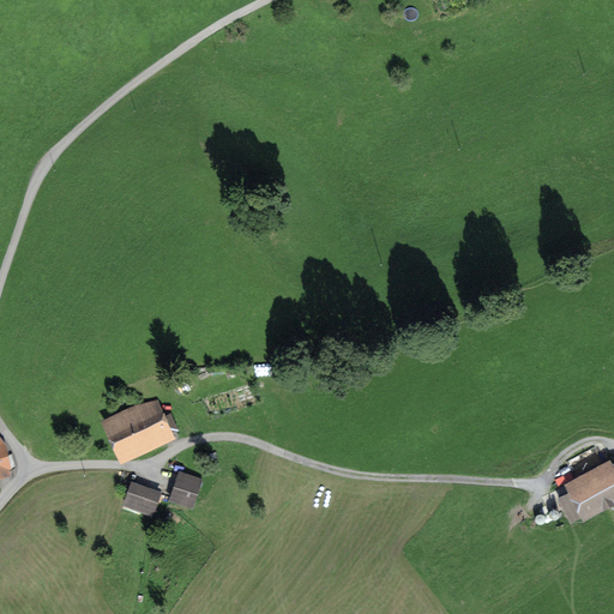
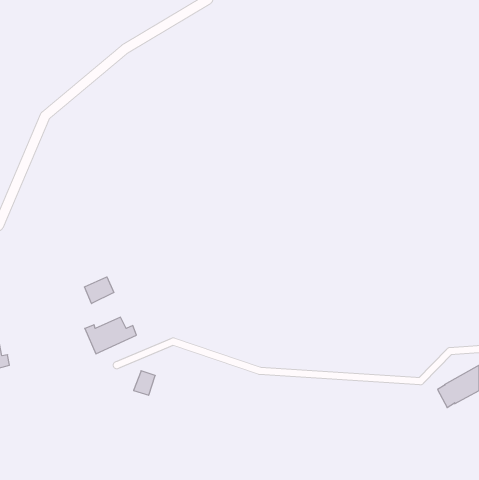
building: none -> [84,277,114,304]
building: [125,483,159,511] -> none

